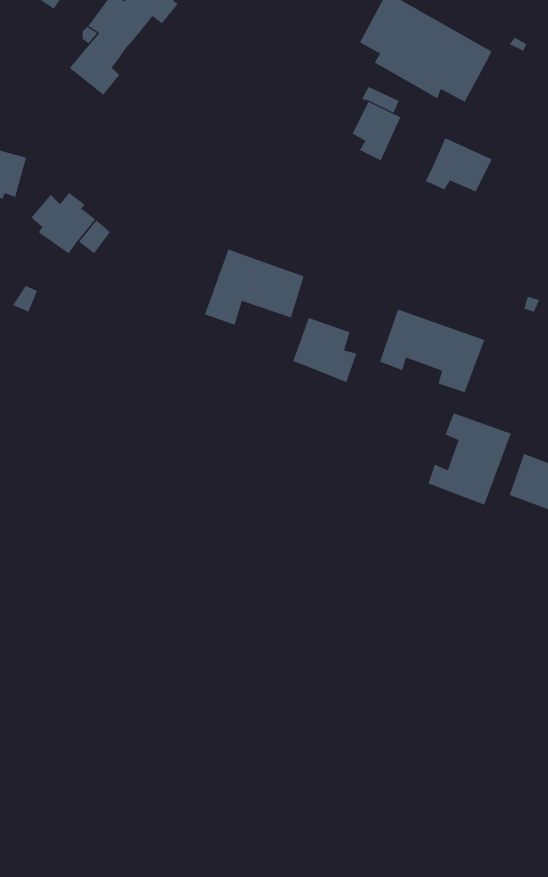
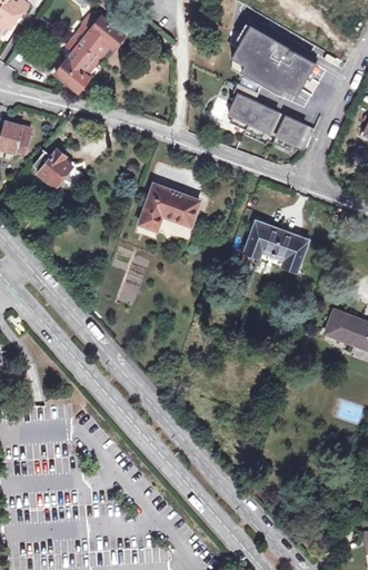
building: none -> [246,104,285,136]
building: [293,317,357,383] -> none
building: [428,413,512,505] -> none

